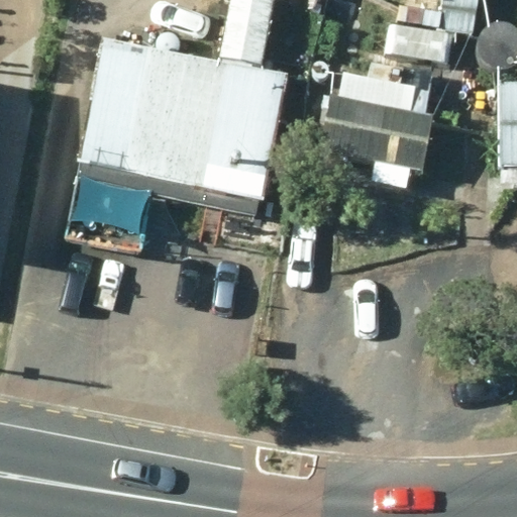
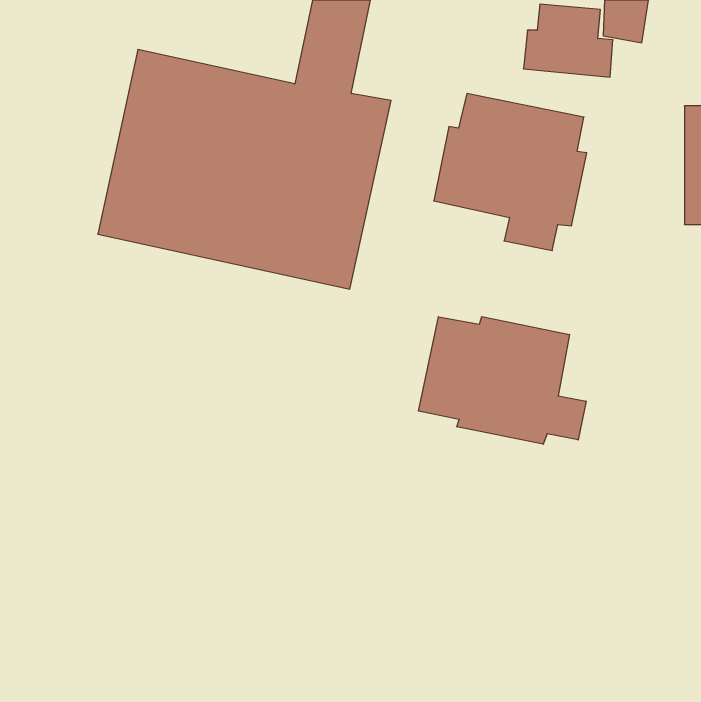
building: none -> [419,317,586,444]

